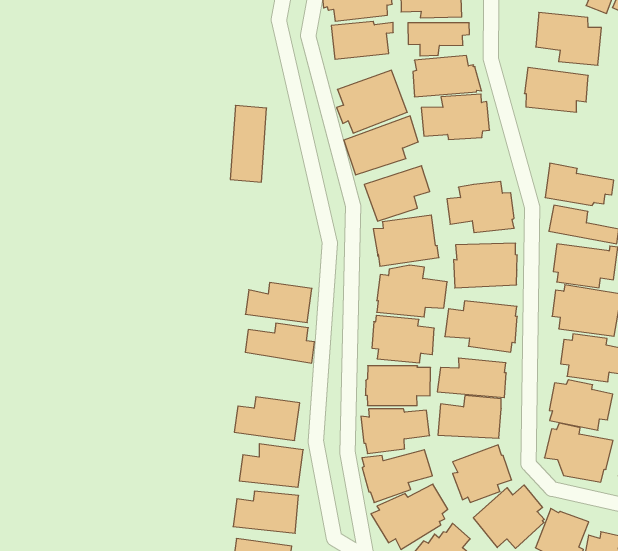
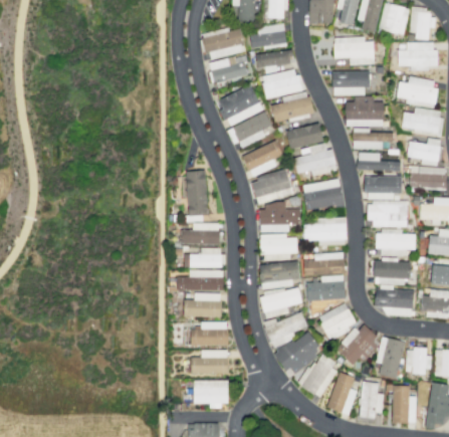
building: [230,105,267,182] -> [187,170,209,216]
building: none -> [347,95,385,127]
building: none -> [287,123,324,149]
building: none -> [177,270,224,291]

